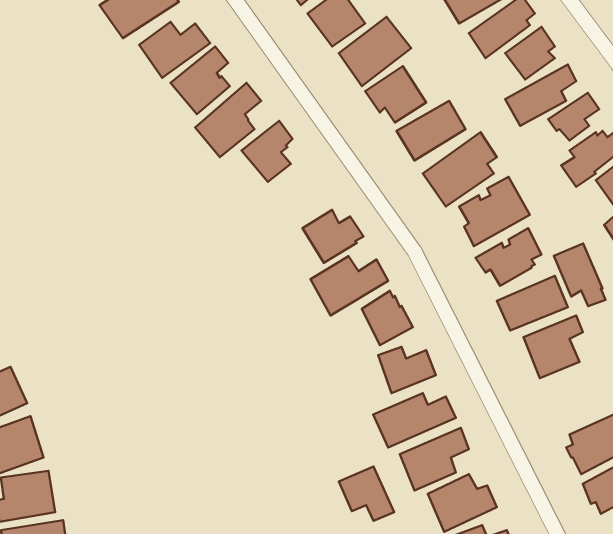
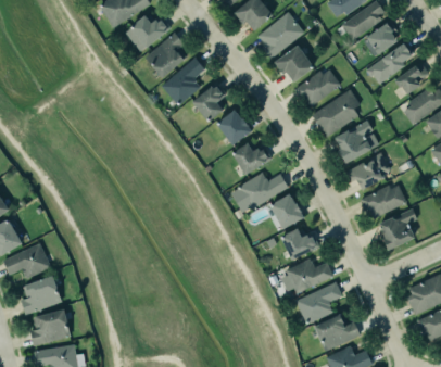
building: none -> [217,110,252,145]
building: [554,244,606,306] -> none
building: [339,466,394,521] -> none

